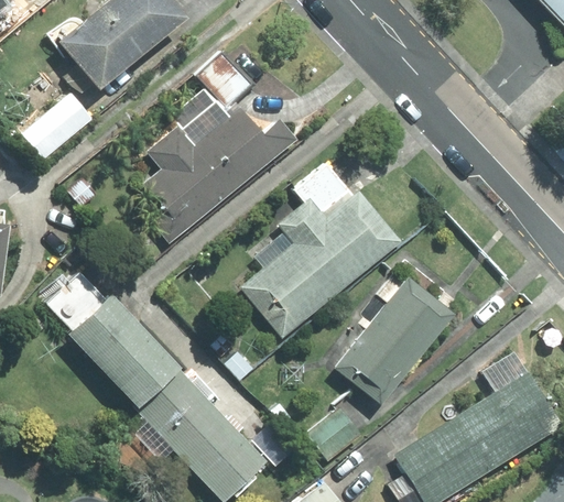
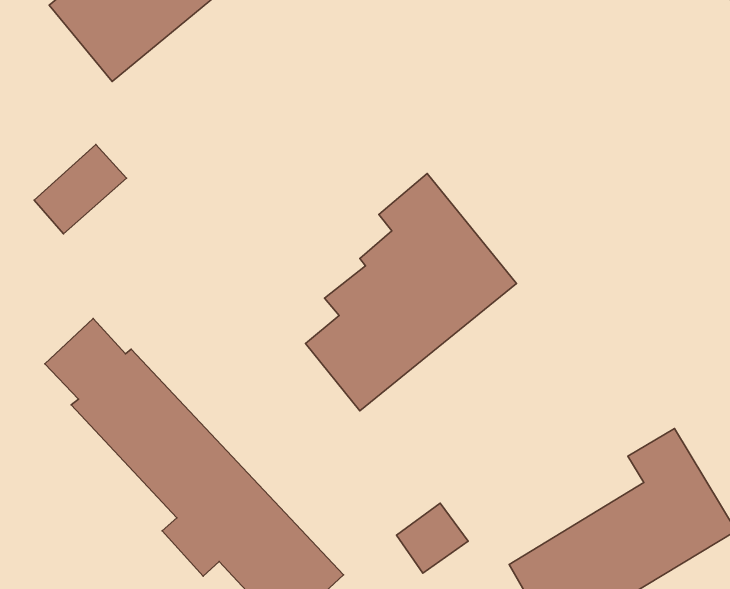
building: [141,50,279,242] -> none
building: [24,91,94,159] -> [34,145,127,234]
building: [335,277,453,404] -> none

